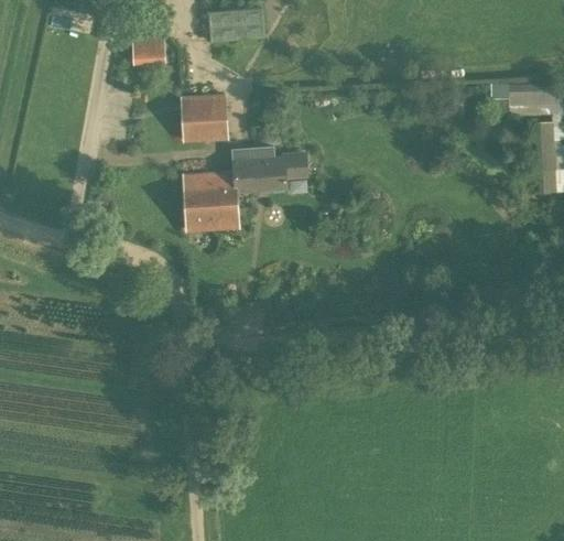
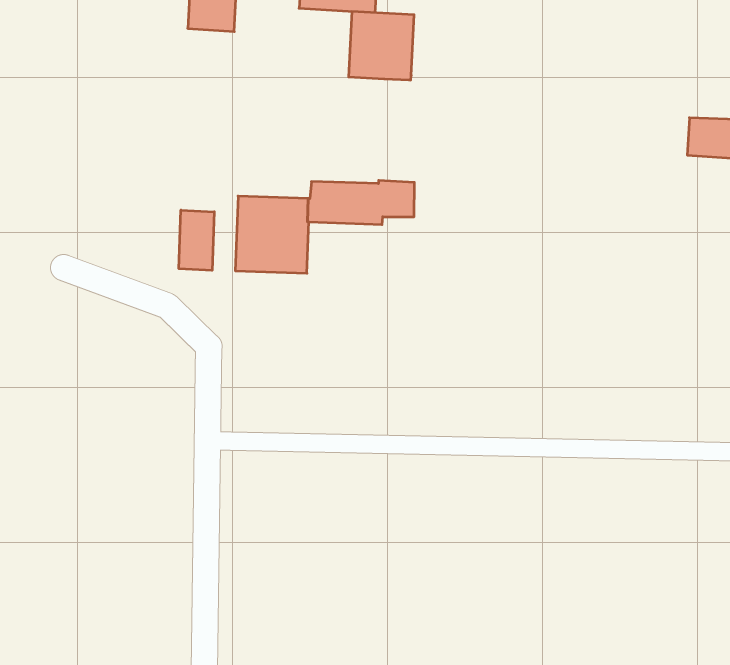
building: [180,94,226,142] -> [349,12,414,80]
building: none -> [179,210,214,270]

